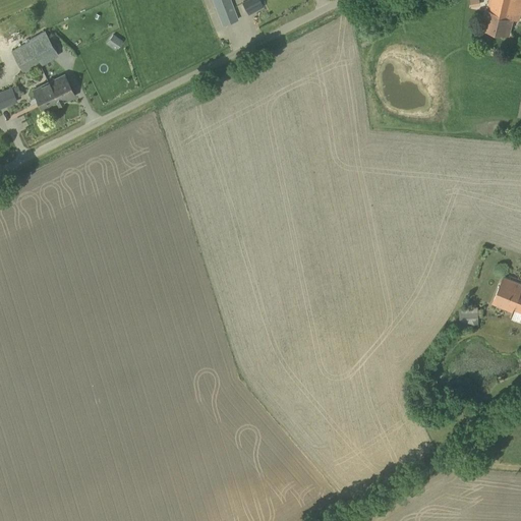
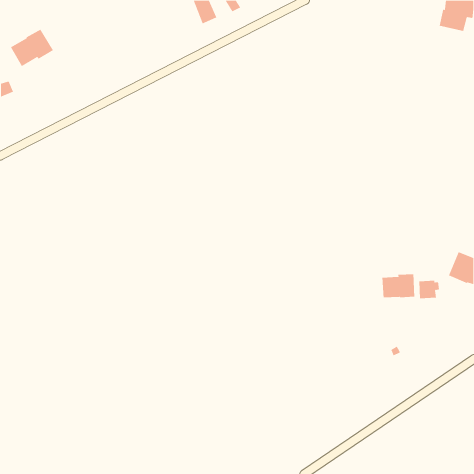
building: [33,74,74,112] -> none
building: none -> [382,273,415,298]

